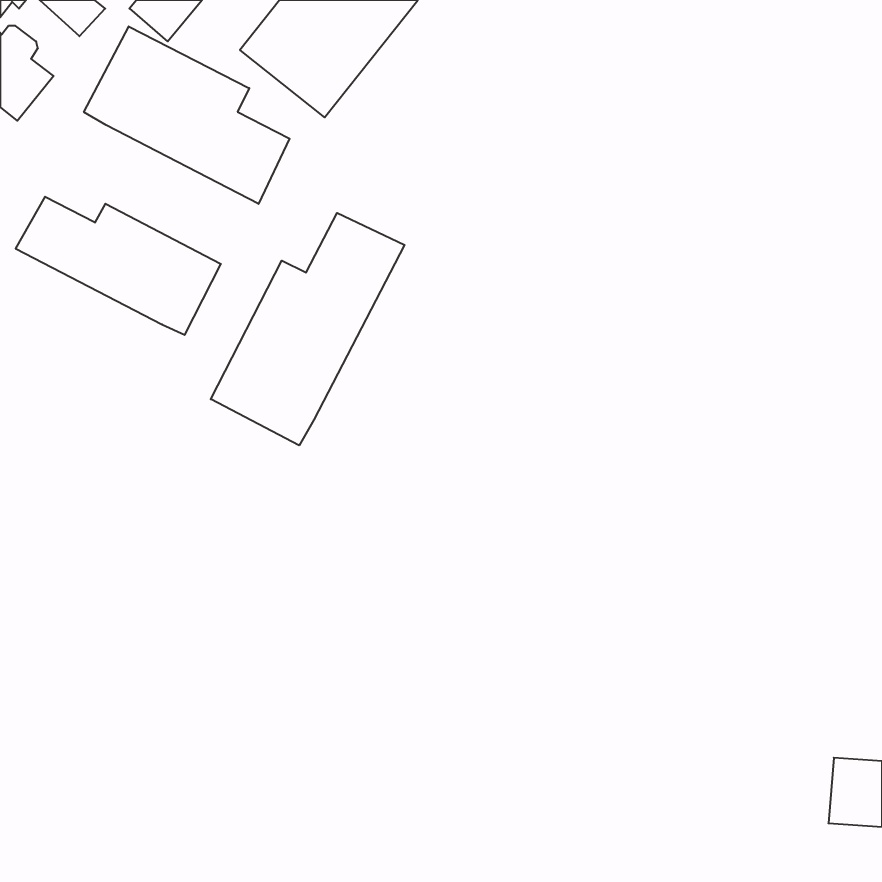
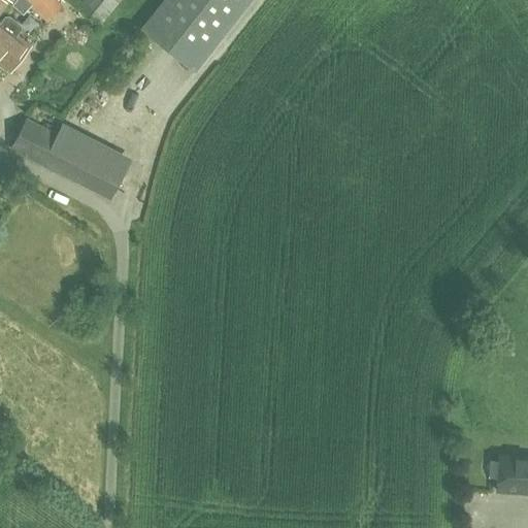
building: [84,26,290,204] -> none
building: [211,213,405,445] -> none

